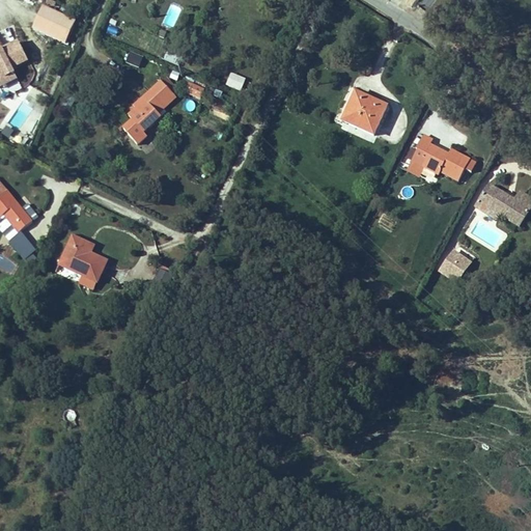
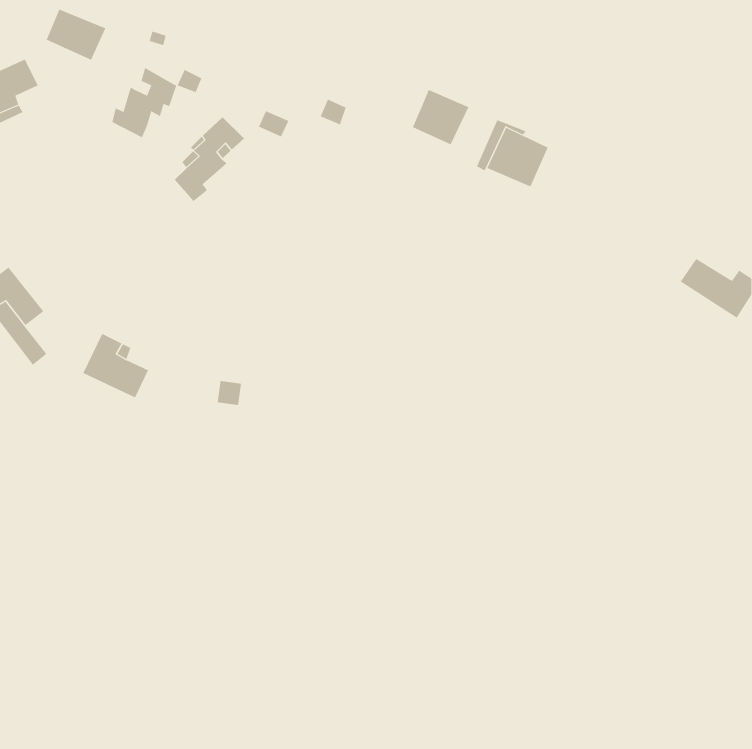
building: none -> [112,67,177,138]
building: none -> [412,89,469,145]
building: [408,131,476,177] -> none
building: [441,249,470,279] -> none

